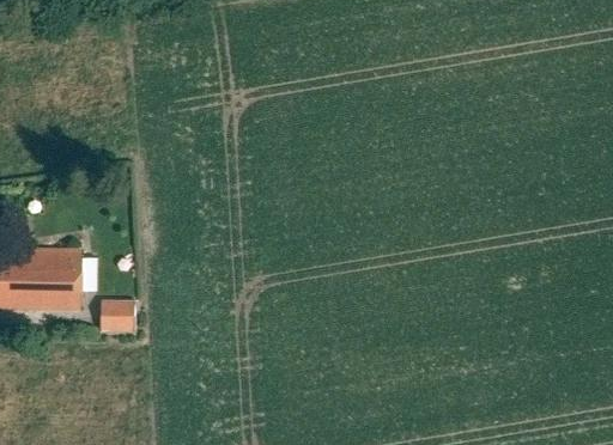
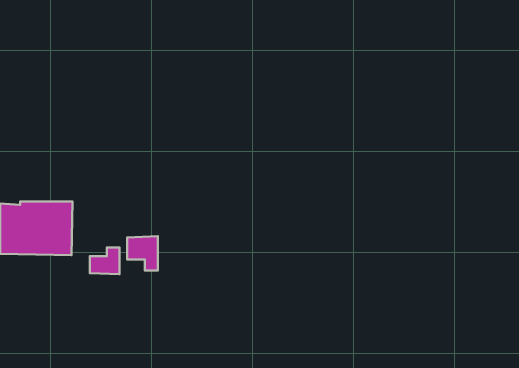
building: none -> [127,236,158,271]

